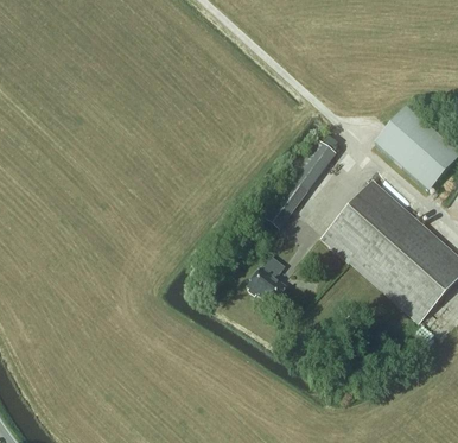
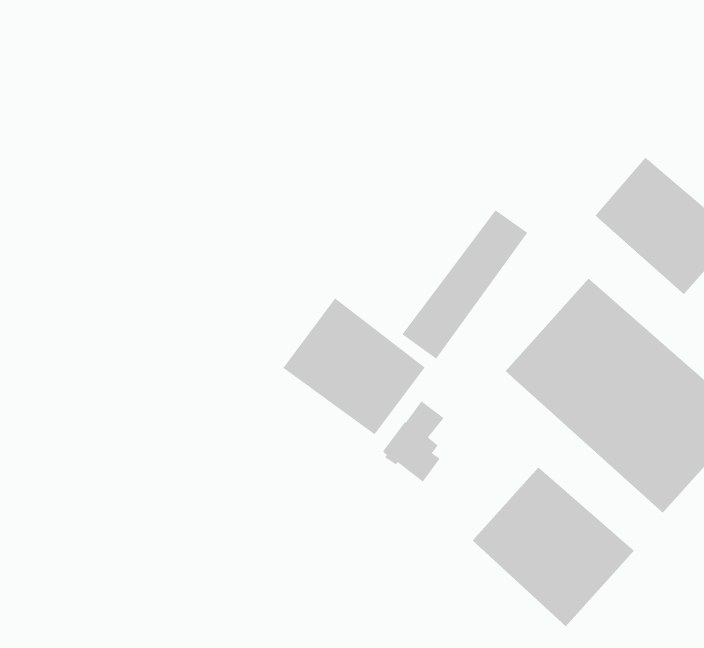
building: none -> [282,298,426,435]
building: none -> [472,466,635,627]

